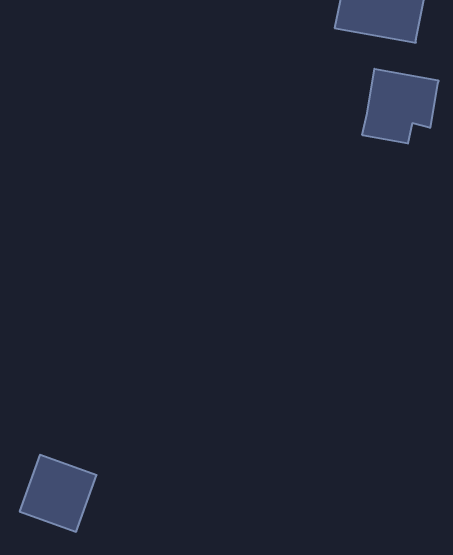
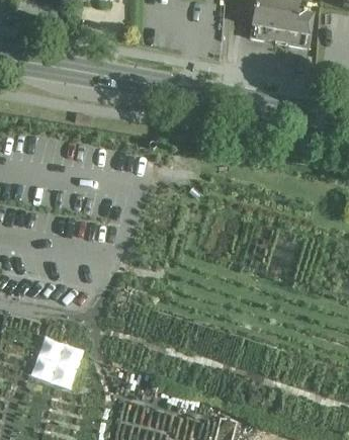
building: [362,69,439,144] -> none

